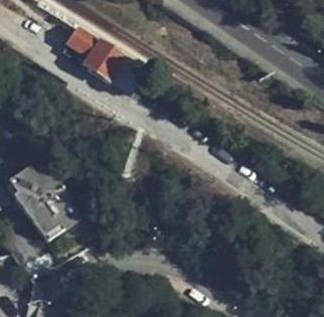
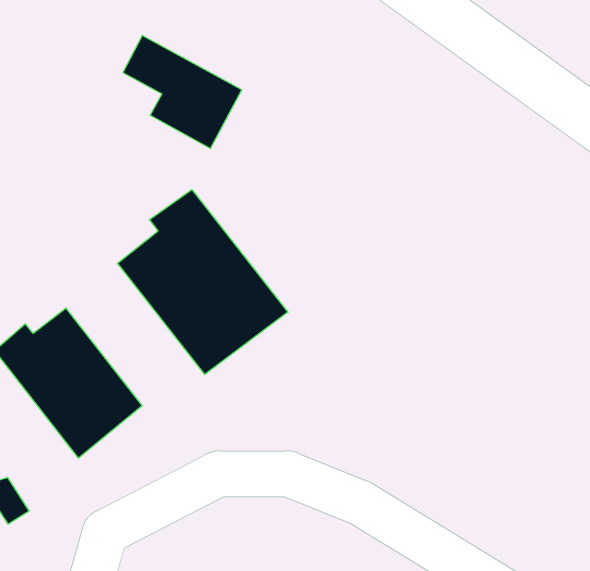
building: none -> [117,190,288,375]

